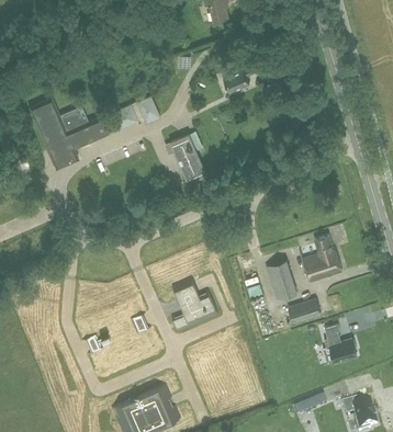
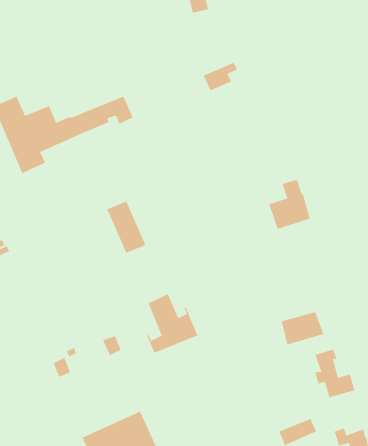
building: [170,135,206,183] -> [106,201,146,253]
building: [303,236,341,282] -> [269,179,311,229]
building: [267,261,296,299] -> none

